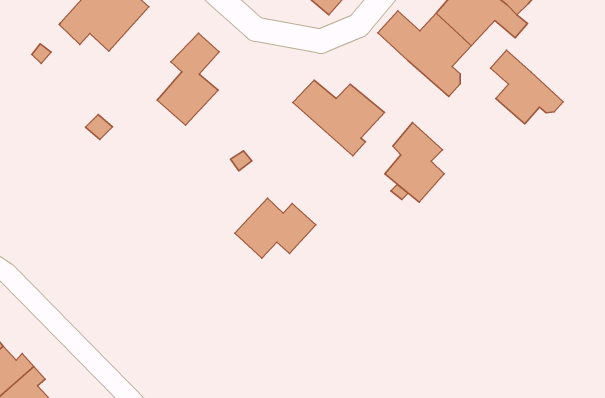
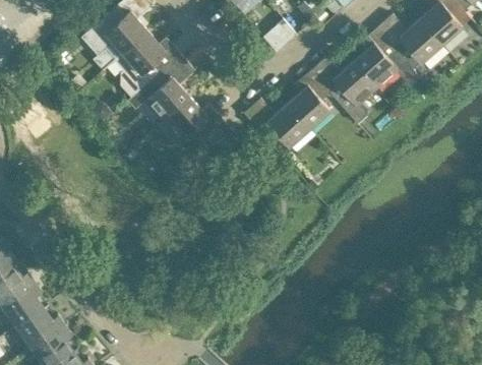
building: none -> [114,33,181,98]
building: [491,50,563,124] -> none
building: [385,122,444,202] -> [286,71,329,129]
building: [235,198,316,258] -> [164,99,223,141]

